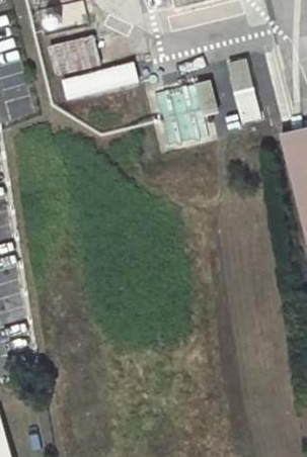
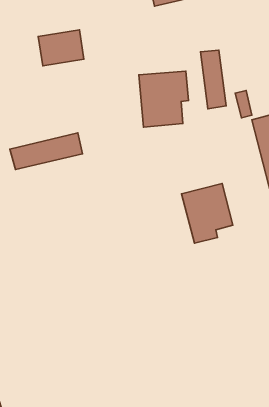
building: [60,59,140,99] -> [10,133,82,169]
building: none -> [182,183,233,243]

